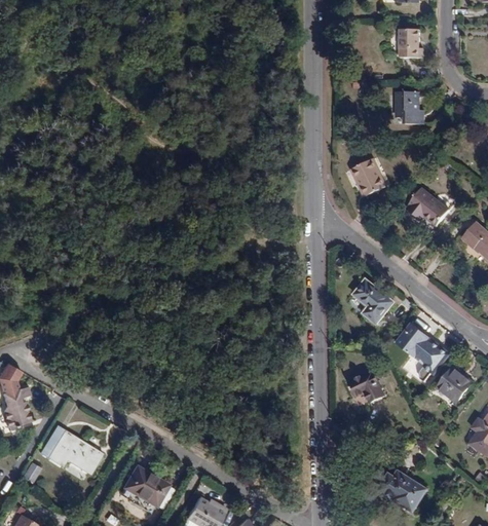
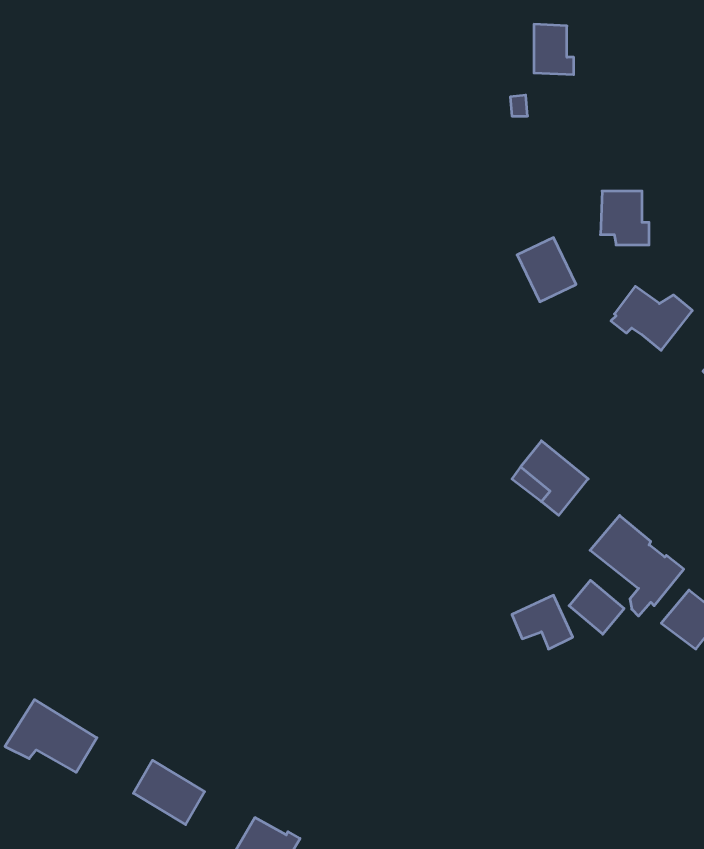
building: [399,28,422,58] -> [534,24,574,75]
building: [395,91,423,123] -> [600,191,649,245]
building: none -> [569,580,624,634]
building: [382,471,426,511] -> none

